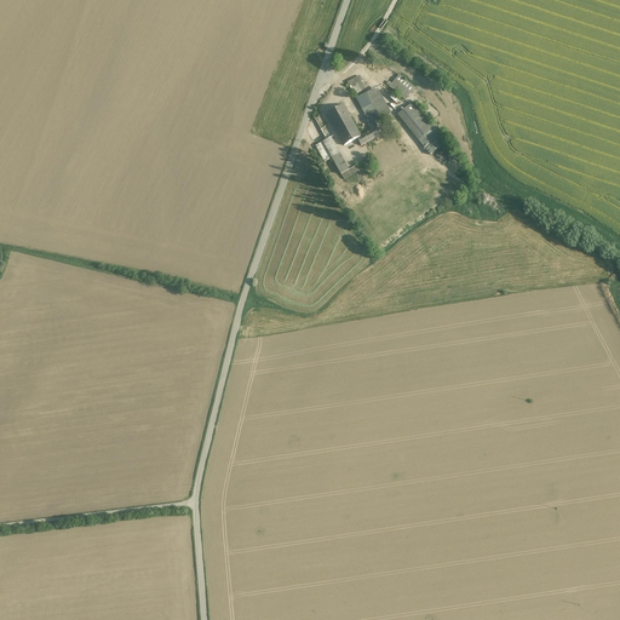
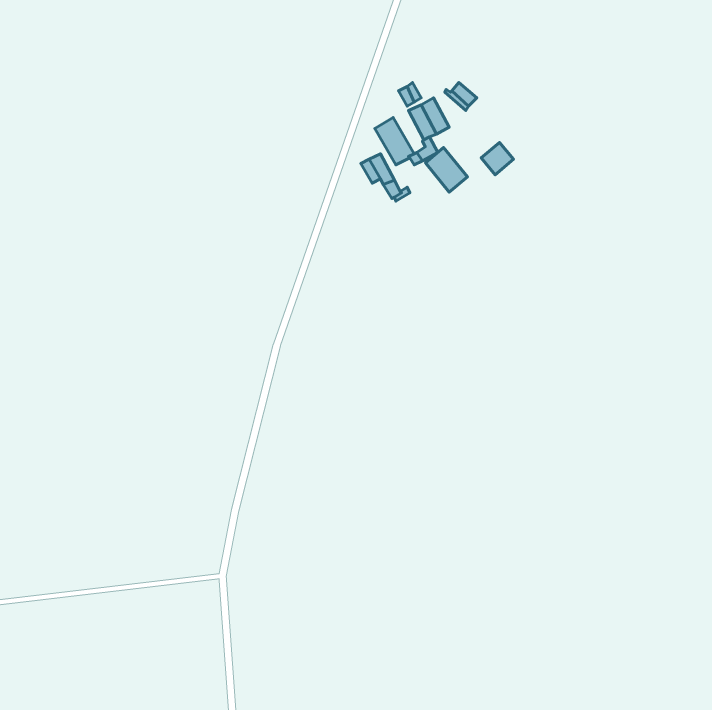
building: [396,98,432,137] -> [425,147,467,192]

